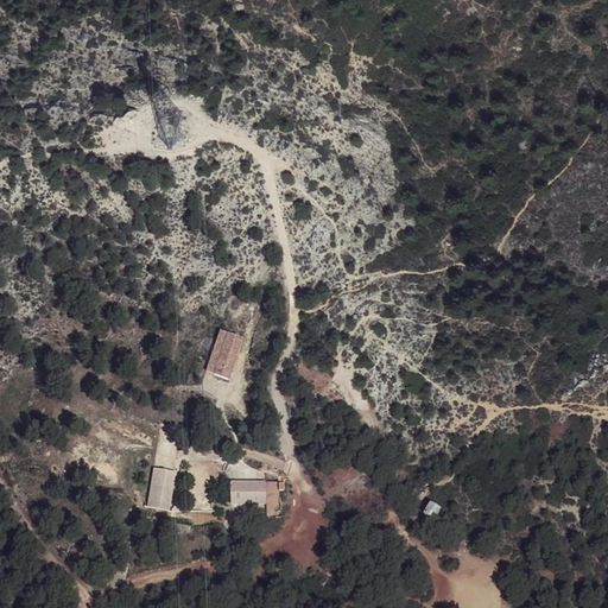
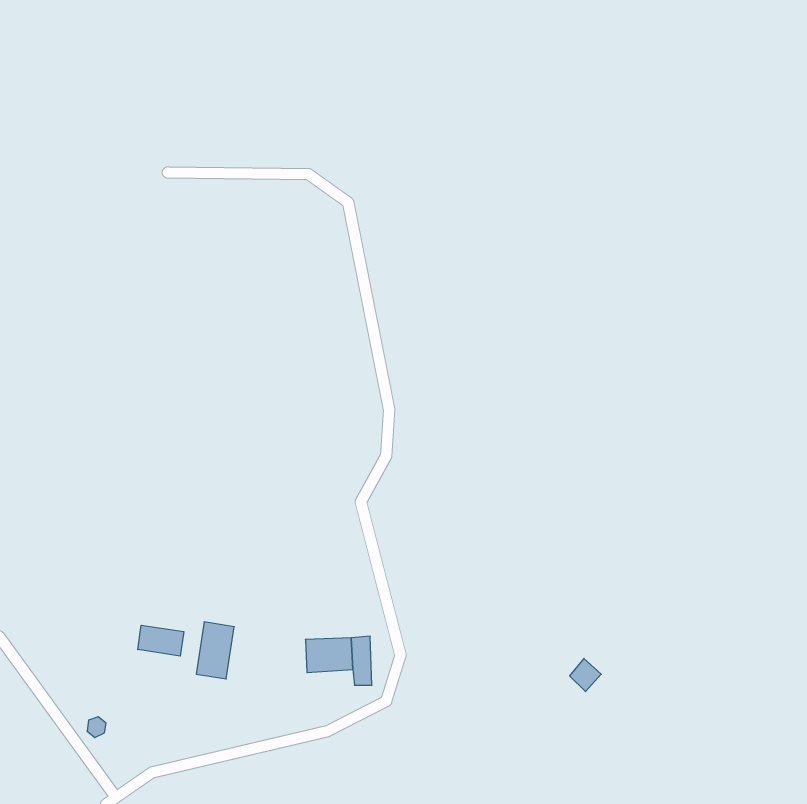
building: [204,328,242,379] -> none
building: none -> [138,625,184,656]

